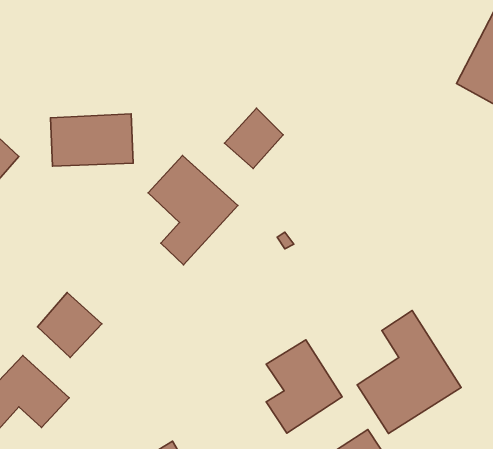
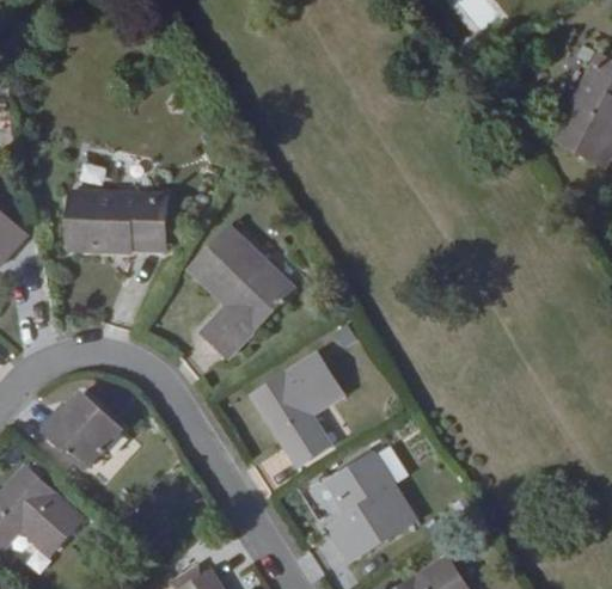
building: [225,108,283,168] -> none
building: none -> [255,352,344,466]
building: [357,310,461,434] -> none

